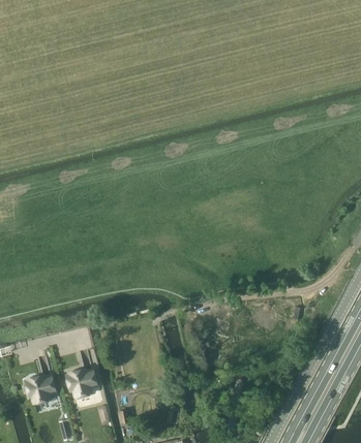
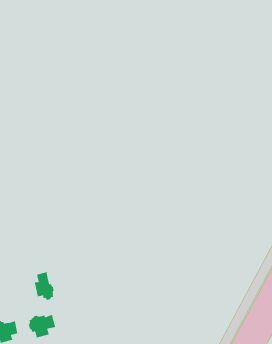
building: none -> [34,271,54,301]

